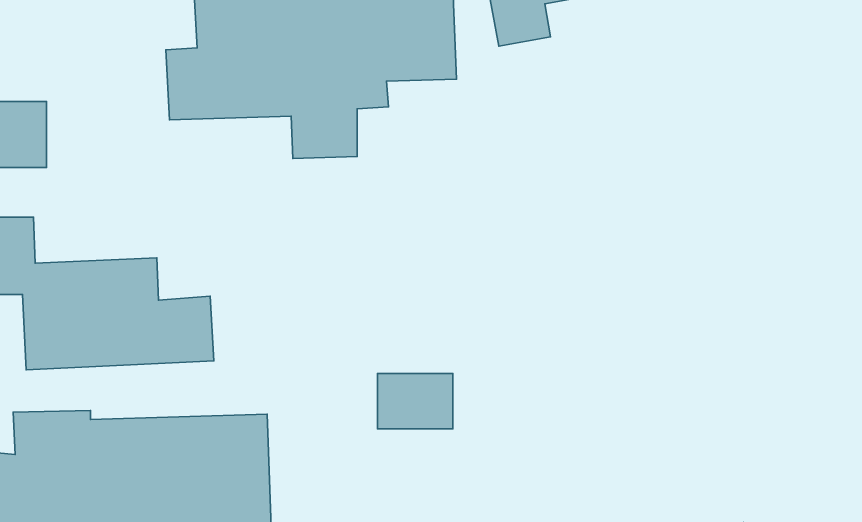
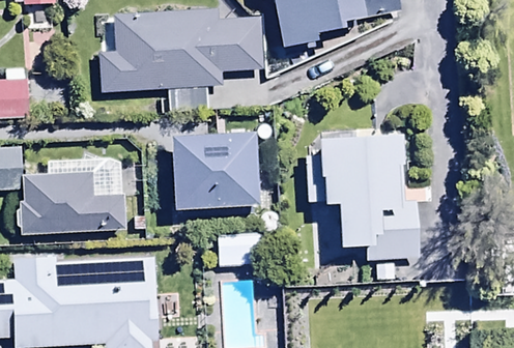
building: none -> [170,127,260,206]
building: none -> [307,134,417,254]

